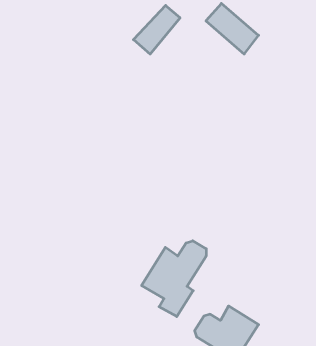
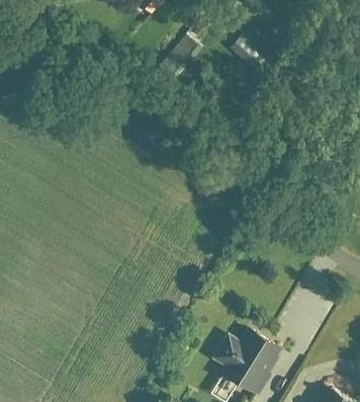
building: [142,241,206,317] -> none

